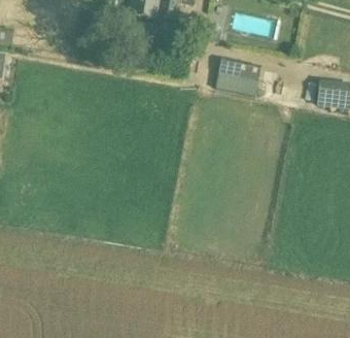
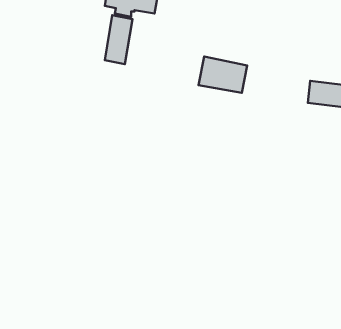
building: none -> [105,15,133,64]

